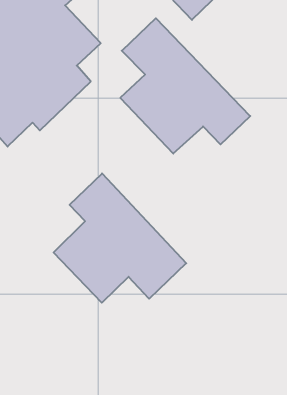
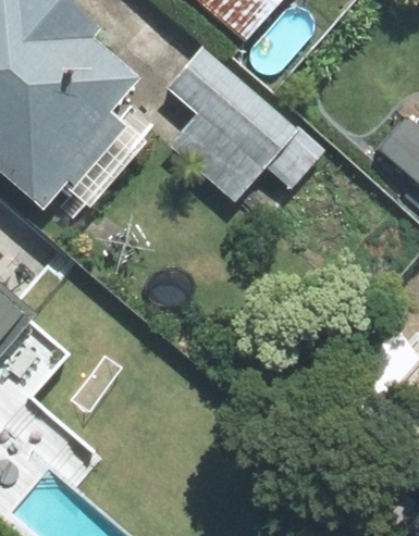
building: [54,173,186,303] -> none

